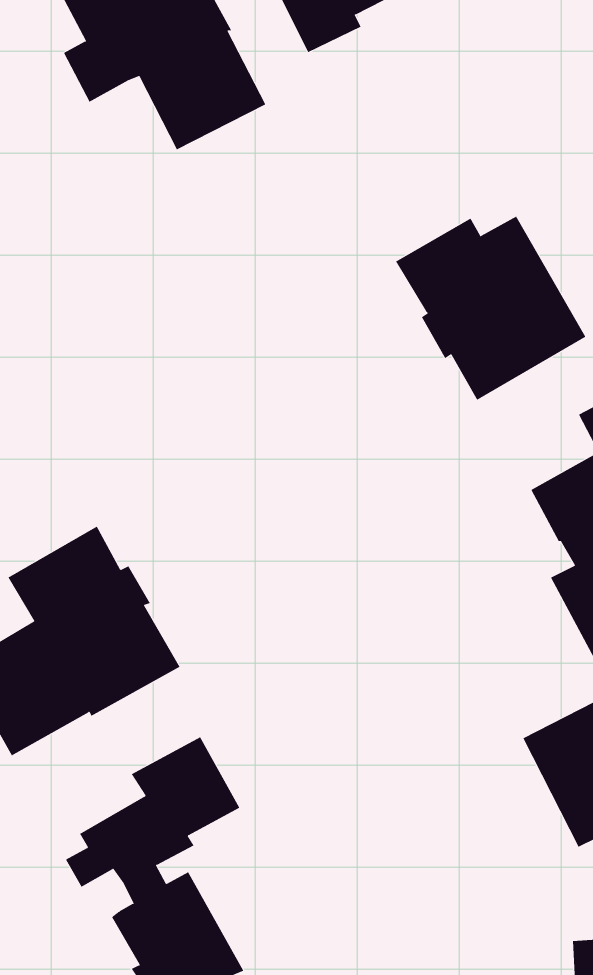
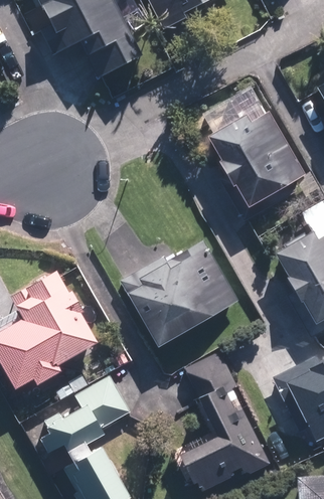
building: none -> [121,239,238,344]
building: none -> [179,351,267,491]

